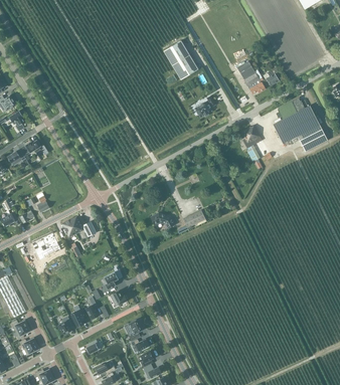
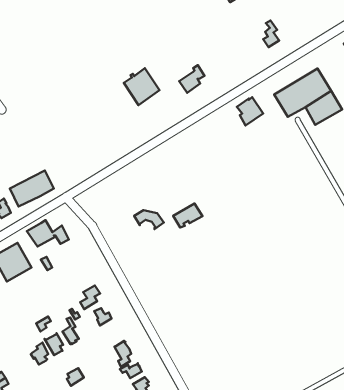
building: [170,50,199,80] -> [124,68,160,105]
building: [237,61,267,94] -> none
building: none -> [10,171,54,206]

